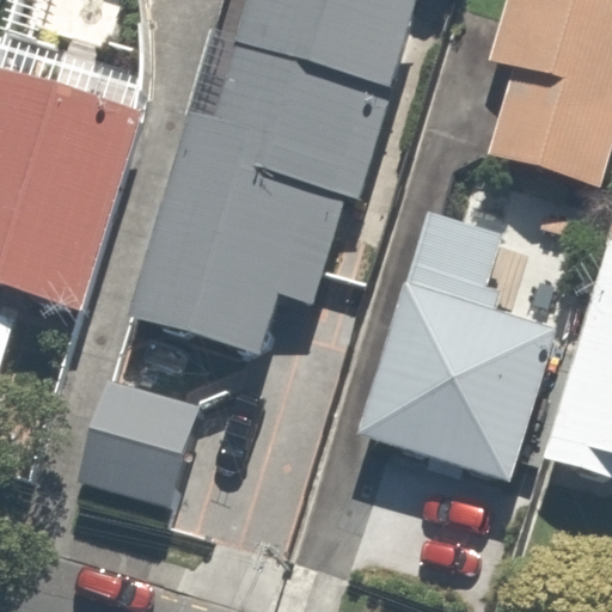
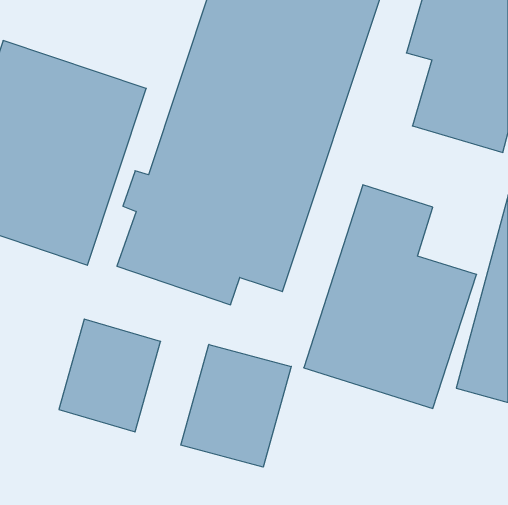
building: none -> [181,344,291,467]

